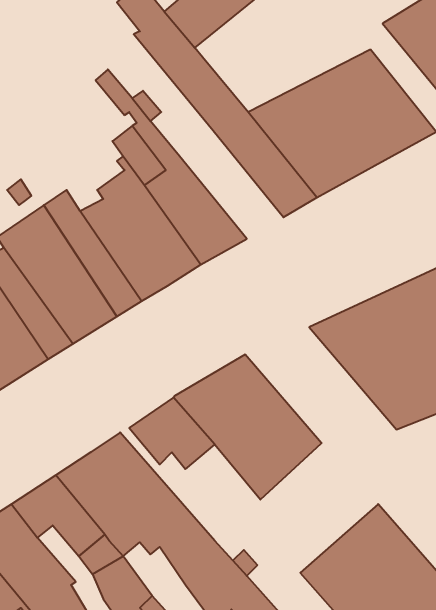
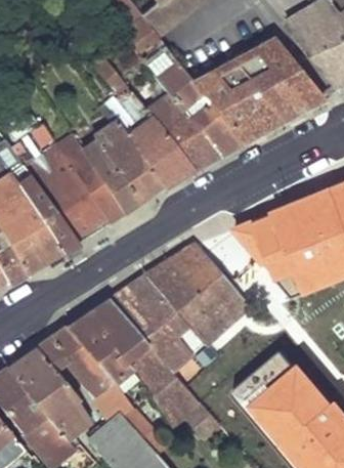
building: none -> [150,97,220,170]
building: none -> [111,297,205,373]

